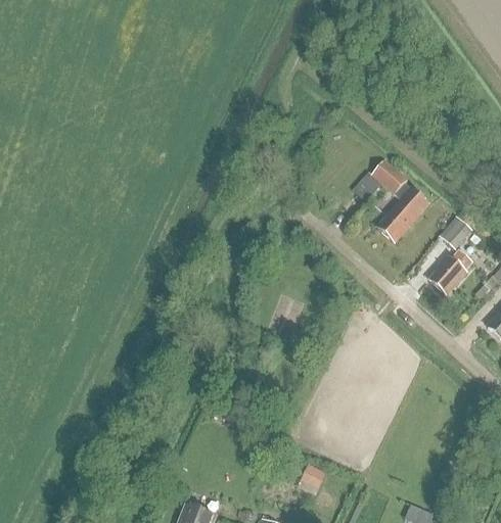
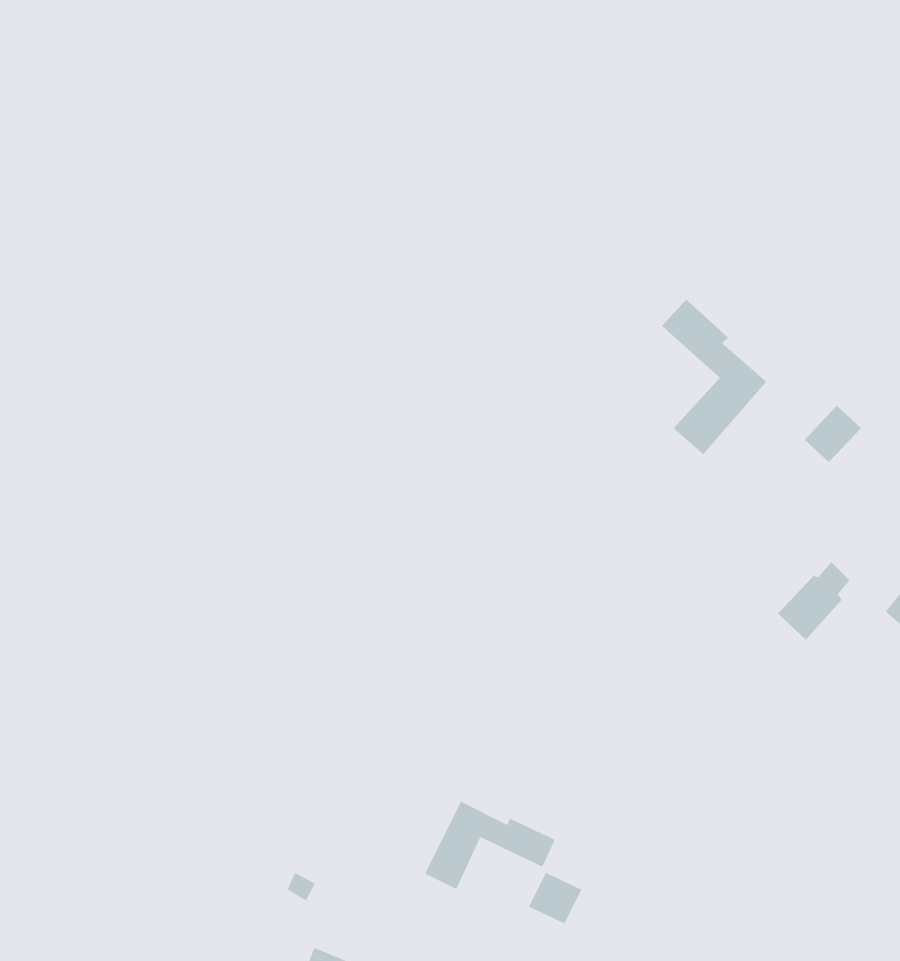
building: [430,251,469,293] -> [777,561,850,640]
building: none -> [424,801,555,890]

